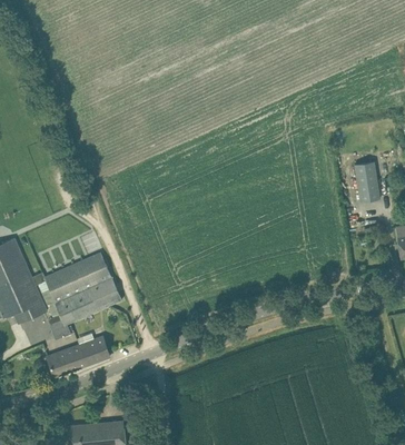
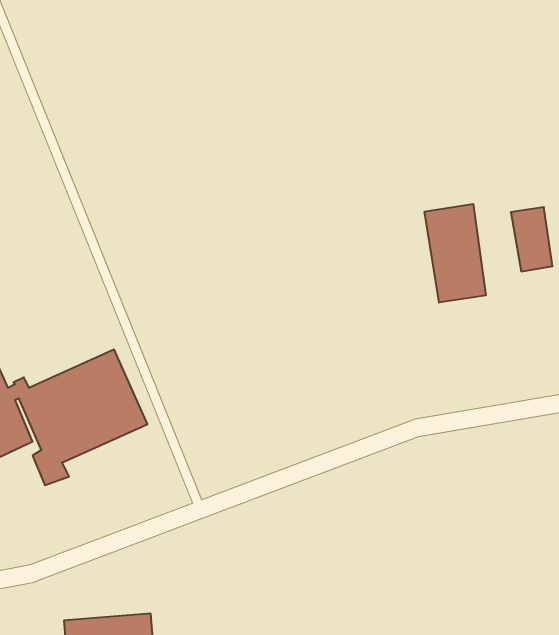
building: none -> [425,204,486,303]
building: [47,334,110,377] -> none

